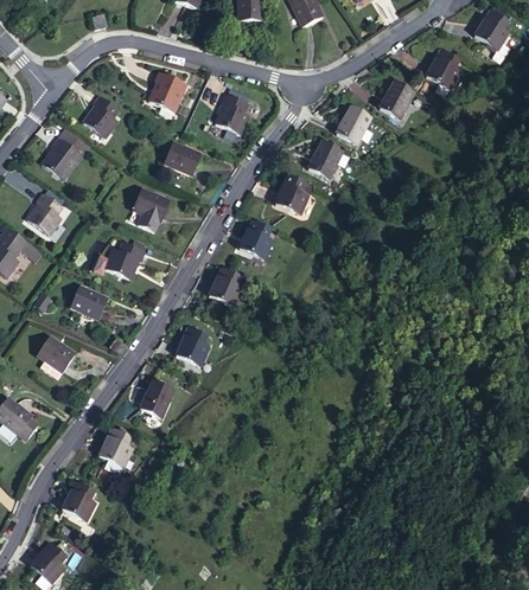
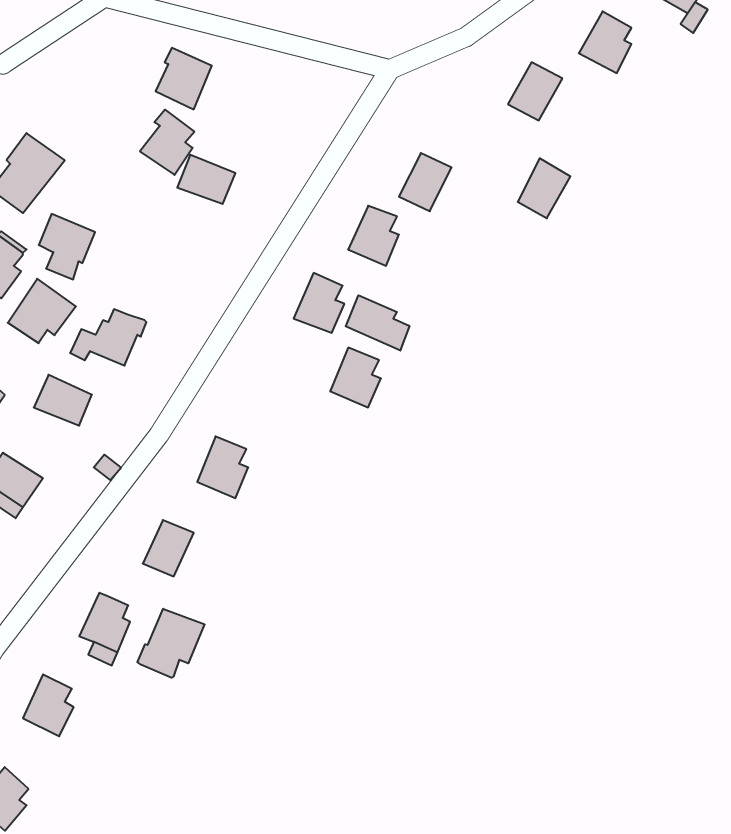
building: [216,92,249,133] -> none
building: [83,94,119,136] -> [140,110,194,175]
building: [337,104,371,143] -> [518,158,570,218]
building: [133,188,170,231] -> [39,214,95,279]
building: none -> [8,279,76,343]
building: none -> [346,295,409,351]
building: [210,265,243,304] -> [330,348,381,407]
building: none -> [137,609,205,678]

